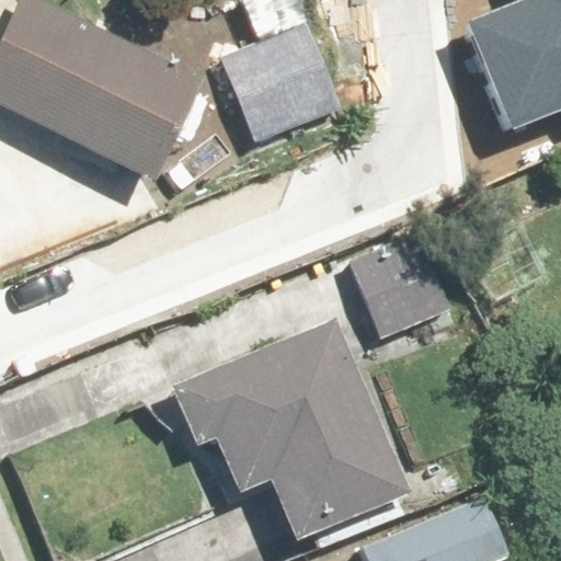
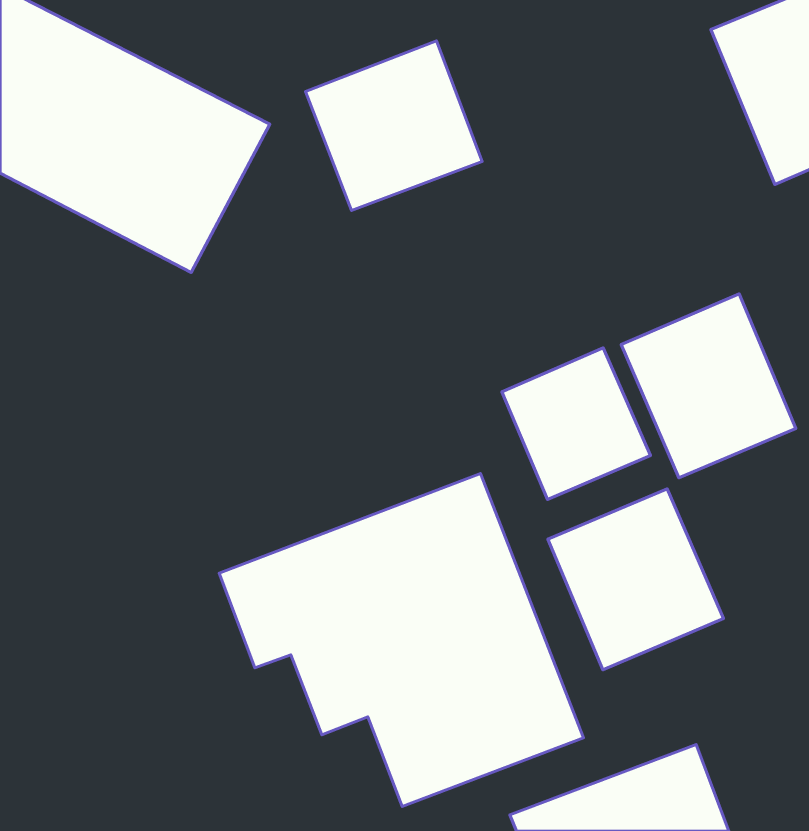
building: none -> [621,294,796,478]
building: none -> [548,489,723,670]

